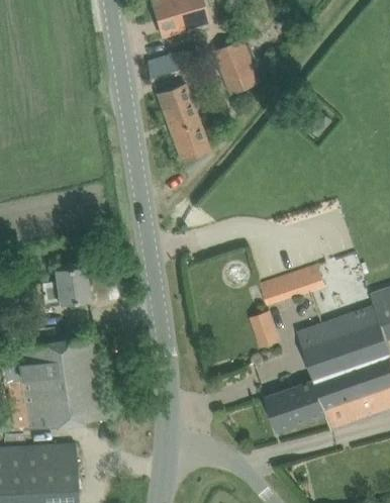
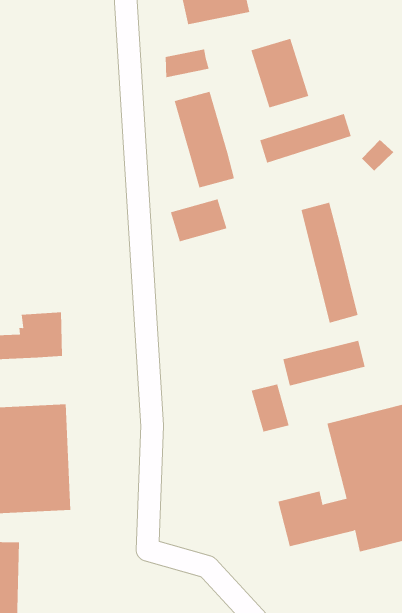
building: none -> [259,113,351,163]
building: none -> [301,202,358,323]
building: none -> [170,198,227,242]

